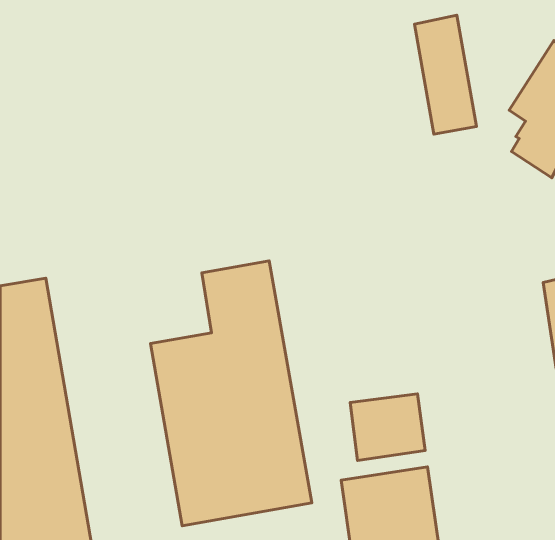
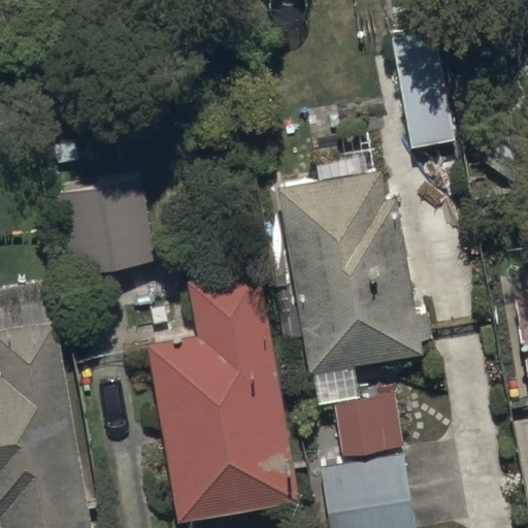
building: none -> [282,172,421,394]
building: none -> [56,175,155,276]

